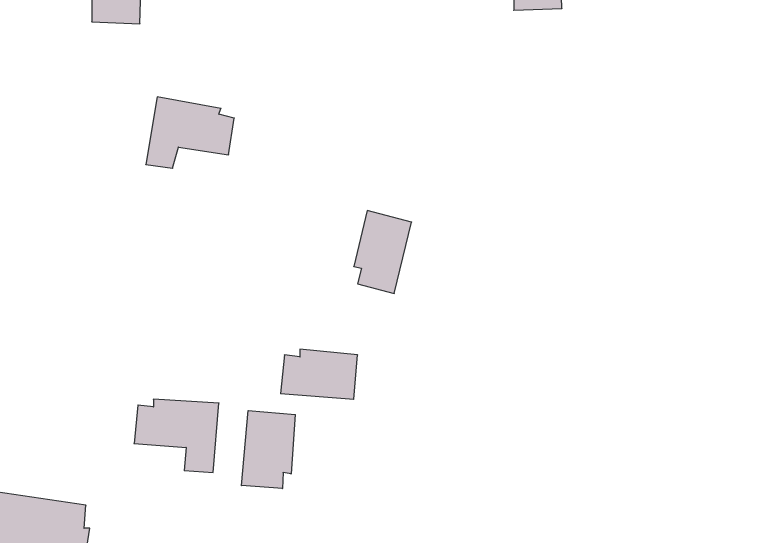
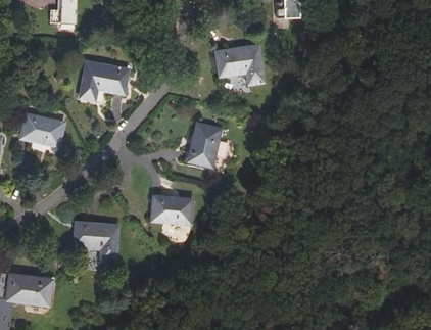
building: none -> [218,46,264,84]
building: none -> [21,115,64,145]
building: [241,411,295,489] -> none

